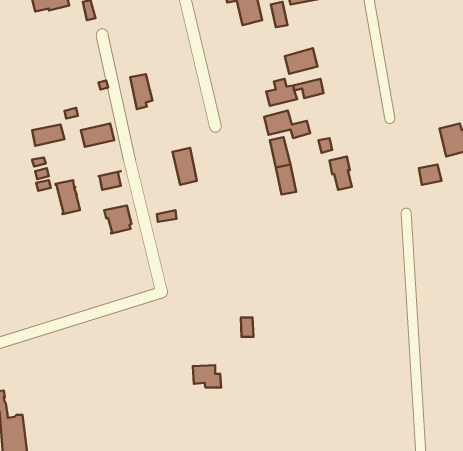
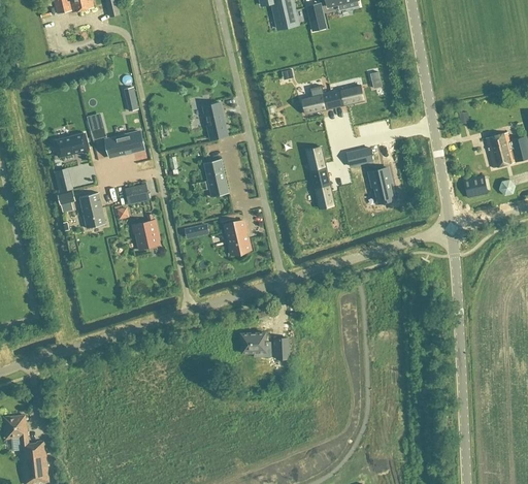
building: [285,48,318,74] -> none
building: [130,74,153,109] -> [203,102,227,139]
building: [264,111,310,138] -> none
building: none -> [224,220,251,254]
building: [193,365,221,388] -> [241,332,271,356]

